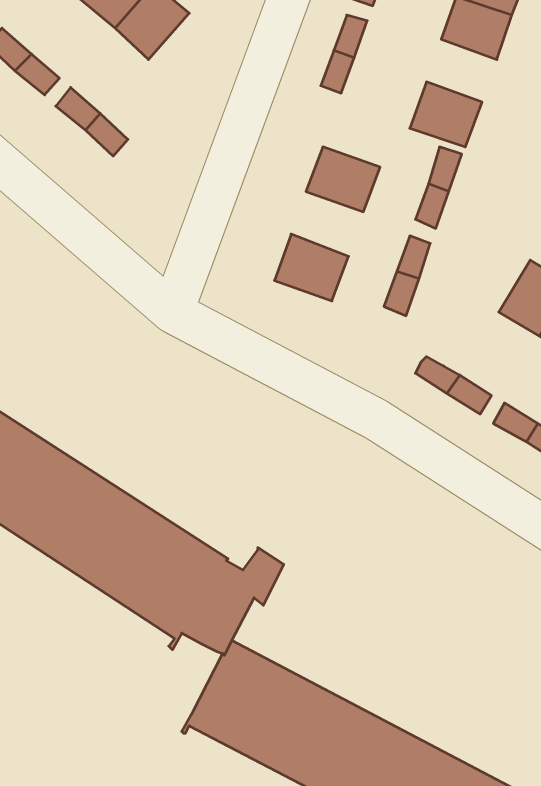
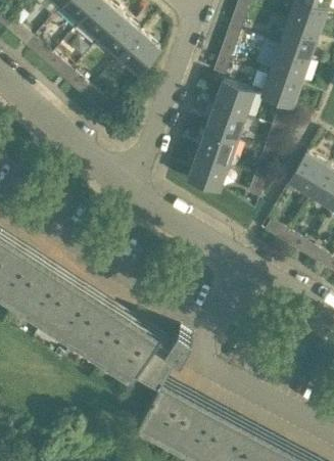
building: none -> [117,33,159,76]
building: none -> [254,41,309,82]
building: none -> [213,82,253,118]
building: none -> [196,131,236,167]
building: none -> [288,154,328,197]

